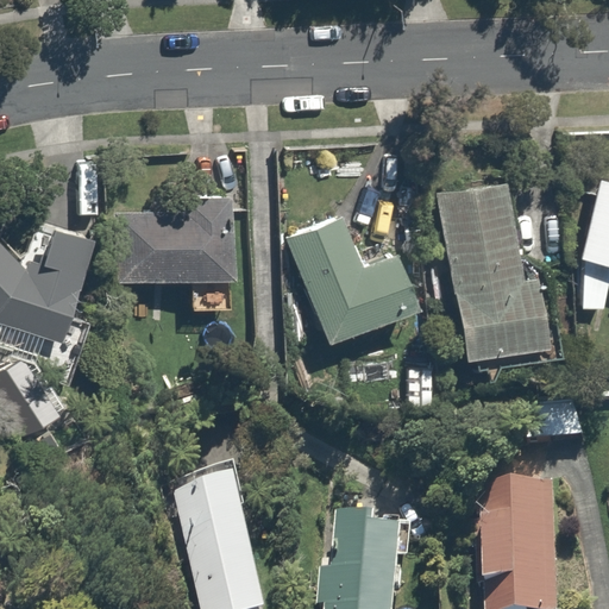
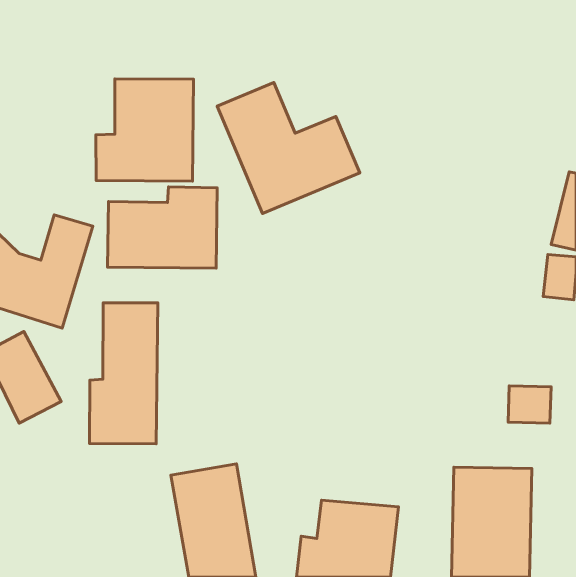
building: none -> [96,79,193,181]
building: [434,180,557,370] -> none
building: [277,211,427,349] -> [217,82,360,214]
building: none -> [90,303,158,444]

